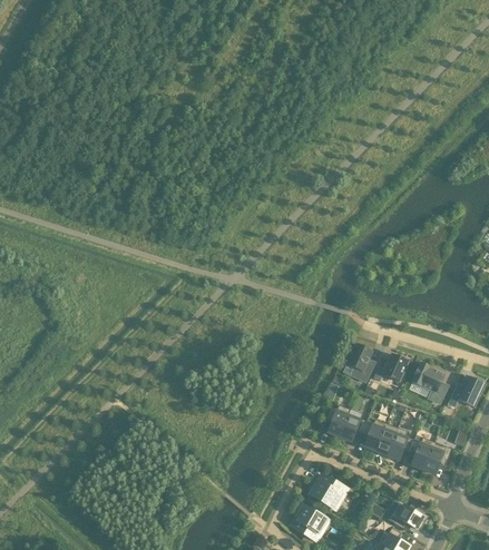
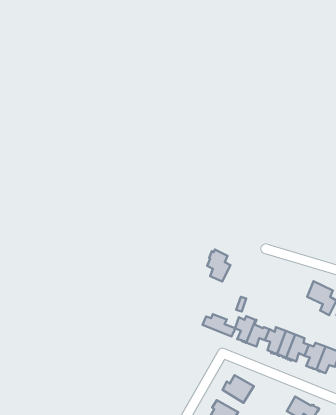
building: [348,344,375,383] -> [207,249,230,282]
building: [373,354,408,382] -> none
building: none -> [202,314,235,337]

